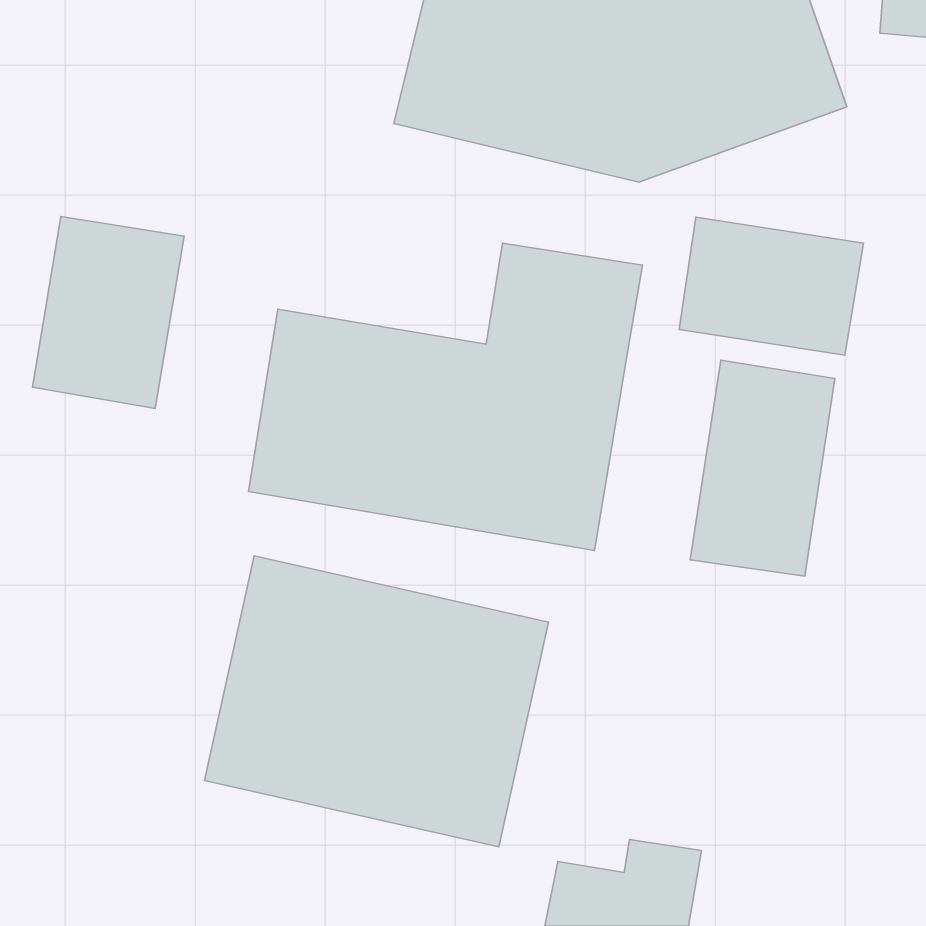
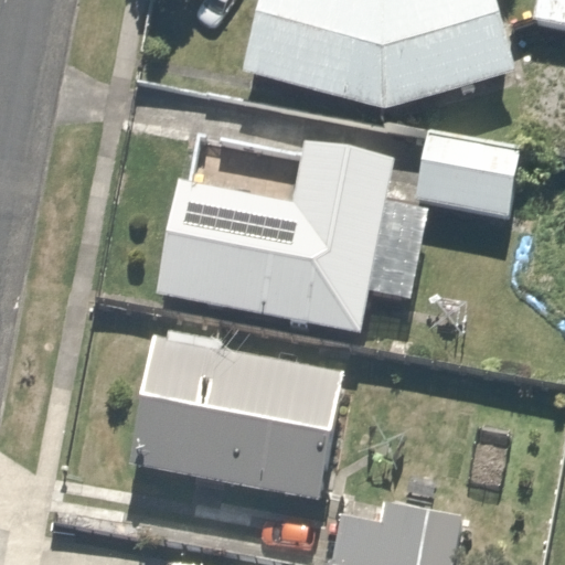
building: [32,217,184,408] -> none
building: [690,360,835,576] -> none

